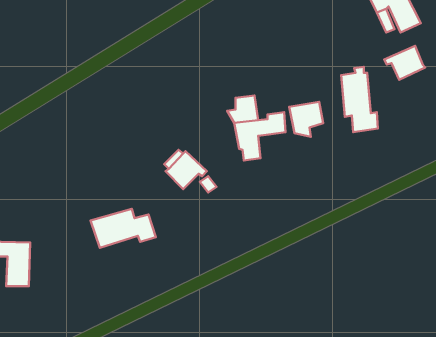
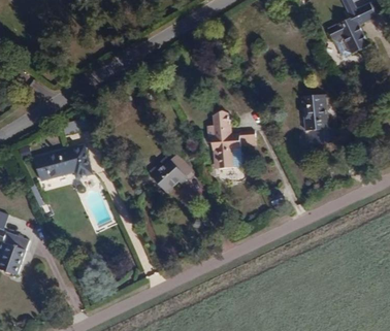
building: [384,46,425,80] -> none
building: [289,102,323,137] -> none
building: [90,209,156,248] -> [34,148,91,183]

